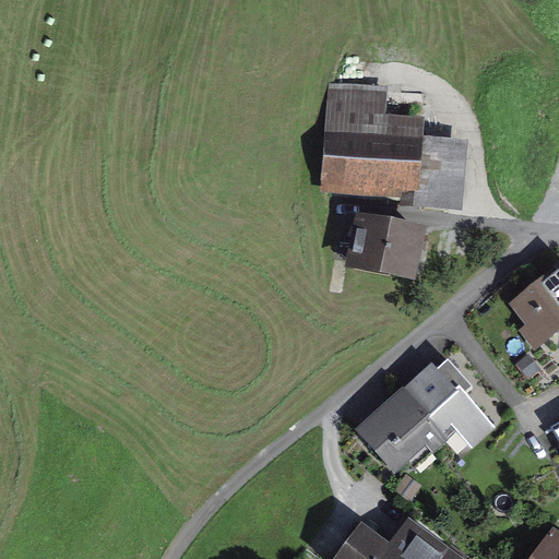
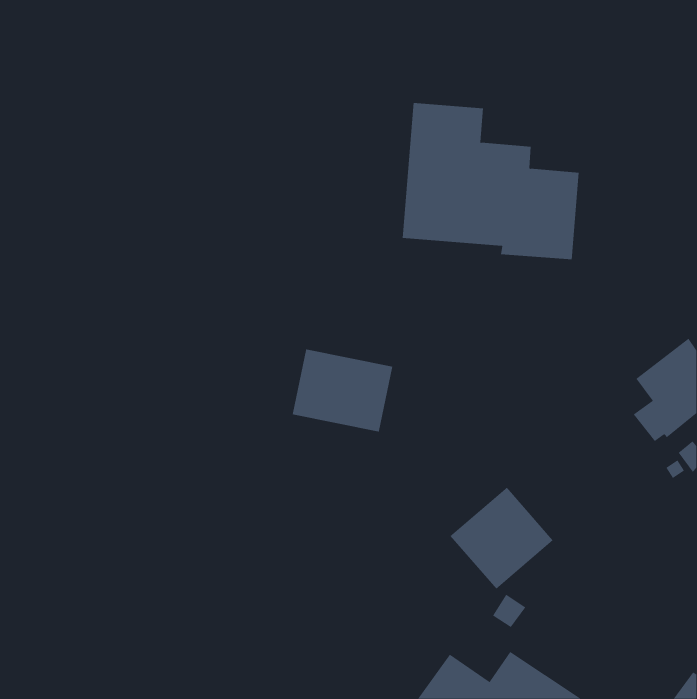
building: [343,210,424,276] -> [292,349,393,432]
building: [405,362,489,444] -> none

